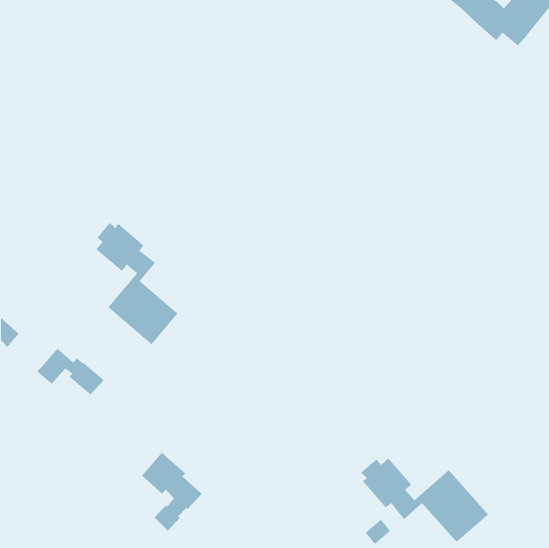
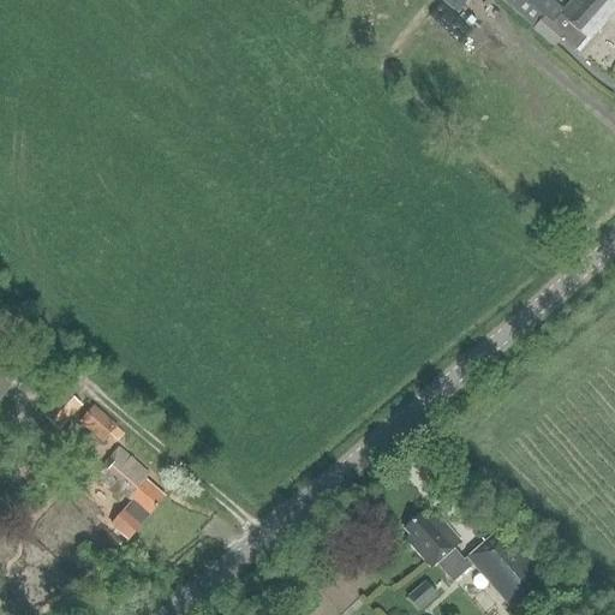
building: [96,222,178,345] -> none
building: [141,452,202,532] -> [96,449,165,538]

